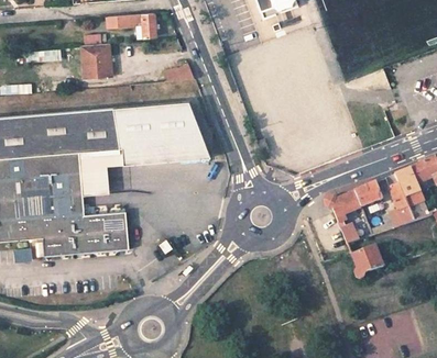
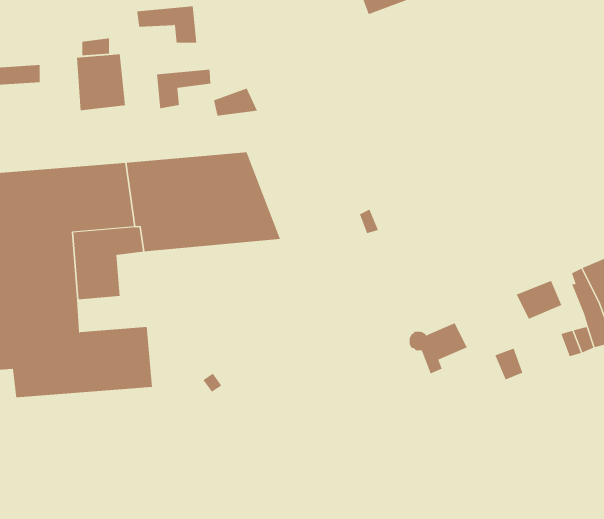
building: none -> [156,69,211,109]
building: [325,191,361,223] -> [409,322,468,374]
building: [351,245,383,279] -> none

